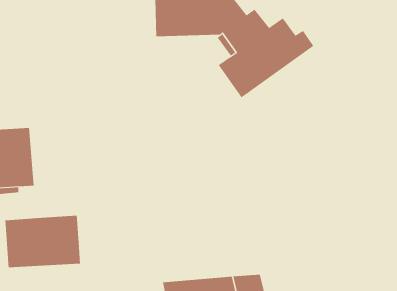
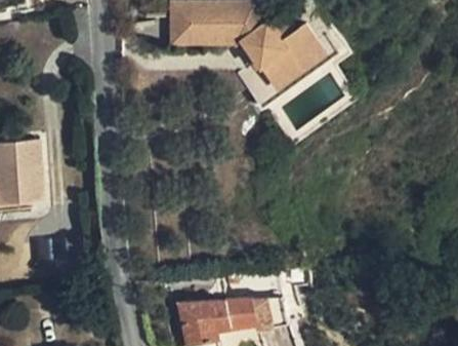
building: [5,215,81,268] -> none

